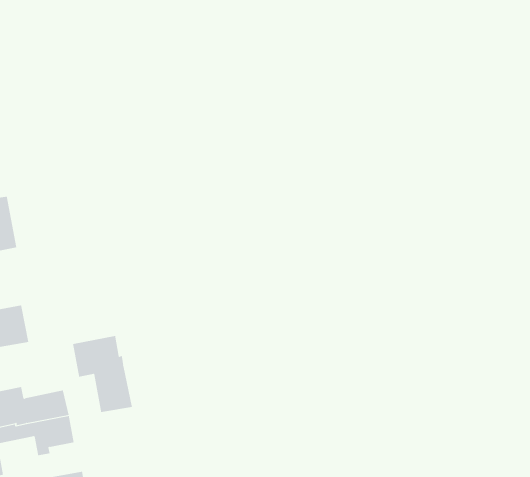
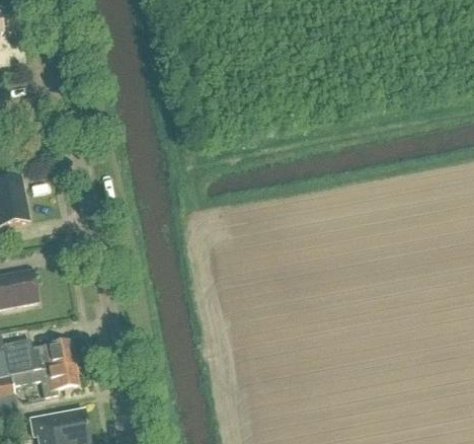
building: [72,335,132,413] -> none

